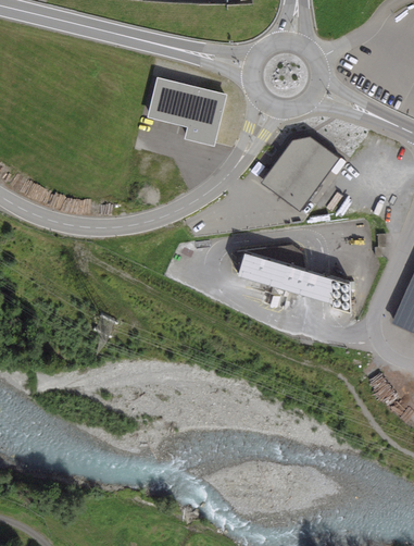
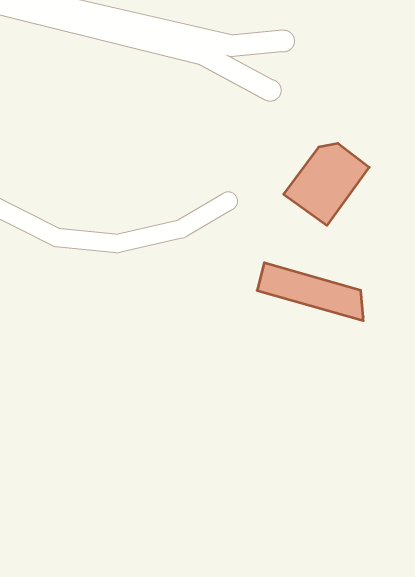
building: [146,80,226,149] -> none

